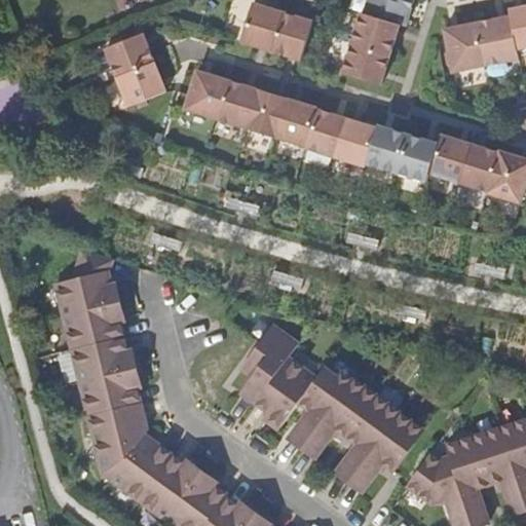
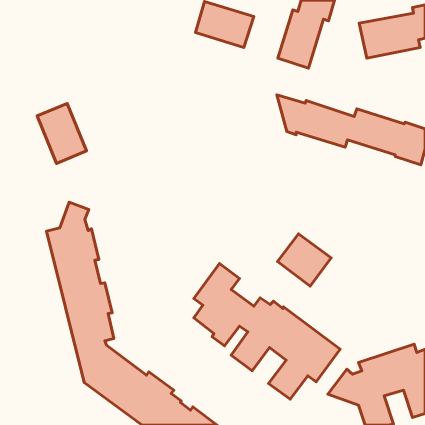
building: [106,32,166,106] -> [37,104,86,163]
building: [185,70,354,162] -> none
building: none -> [277,234,331,286]

